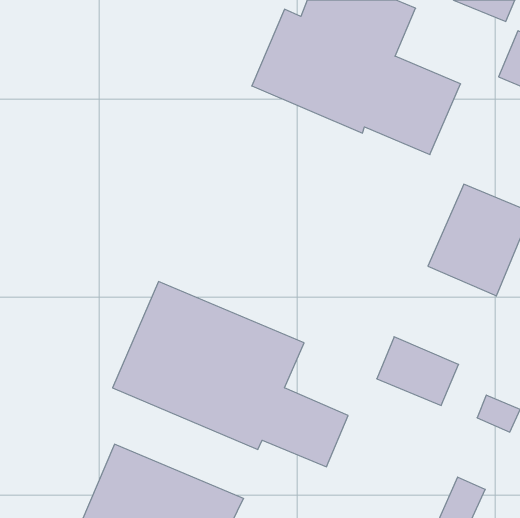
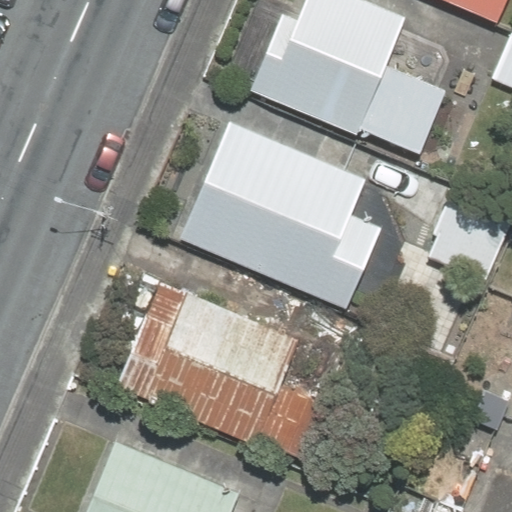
building: none -> [181,124,375,307]

